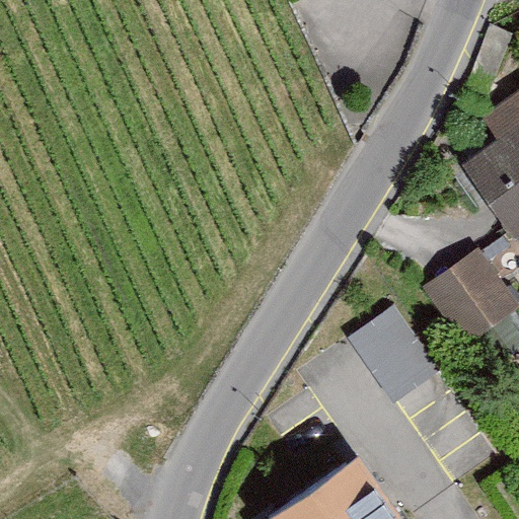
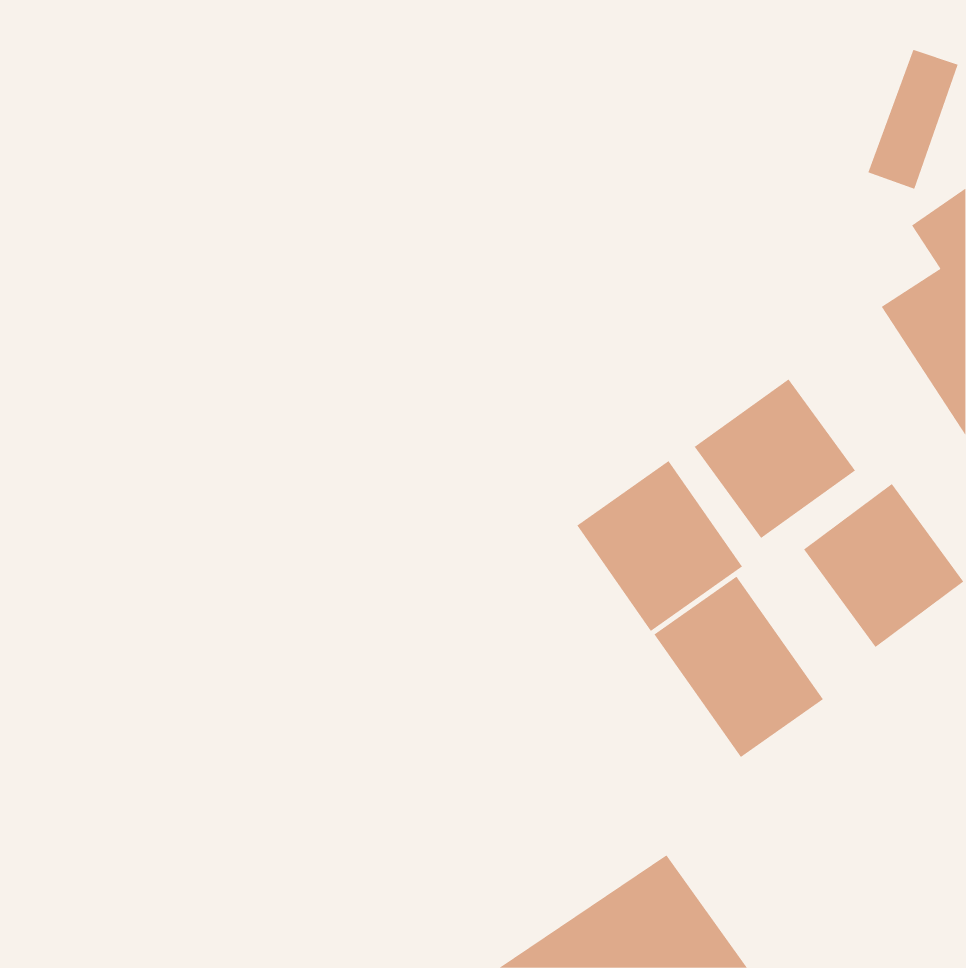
building: none -> [694,379,856,539]
building: none -> [576,460,743,632]

